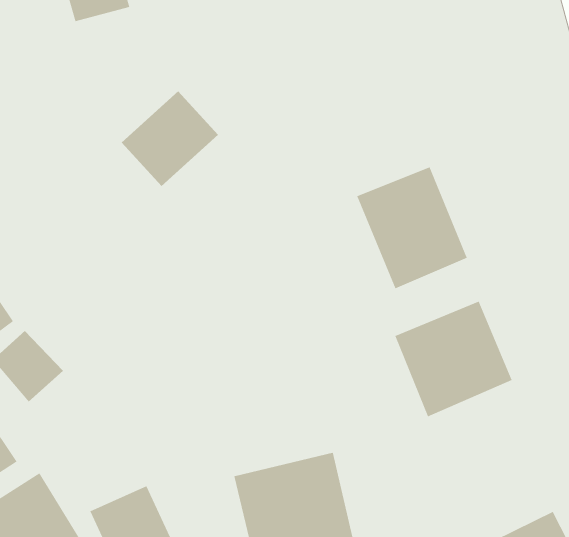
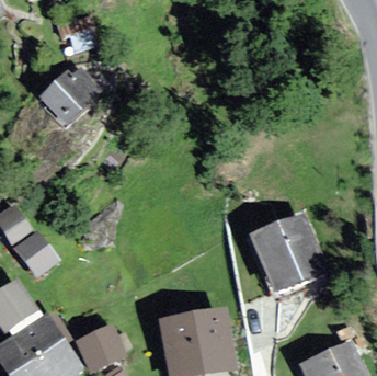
building: [121,91,219,187] -> [38,65,96,122]
building: [357,166,468,289] -> none

